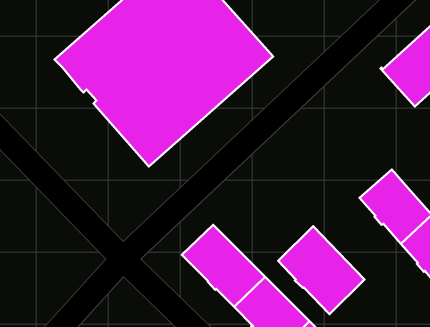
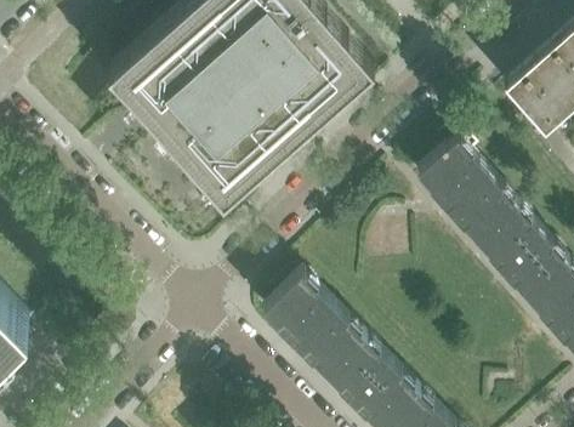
building: none -> [417,129,517,245]
building: [278,226,364,314] -> none

